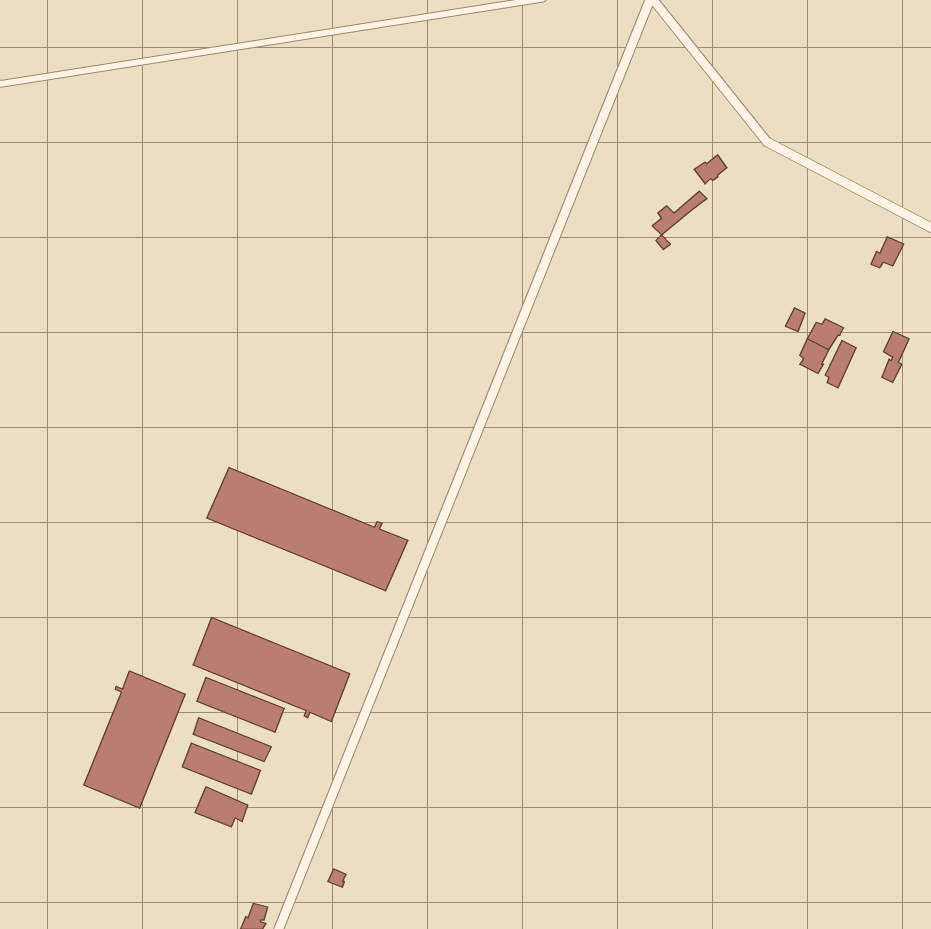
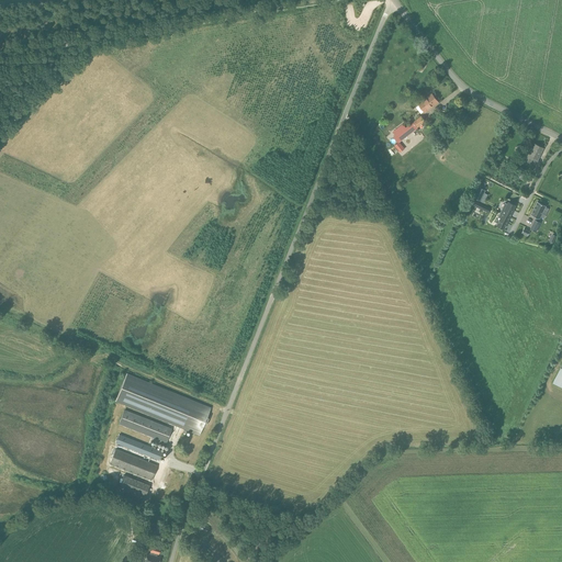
building: [207,467,408,591] -> none
building: [84,671,185,808] -> none

